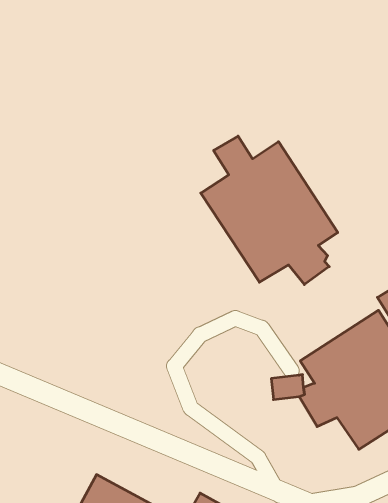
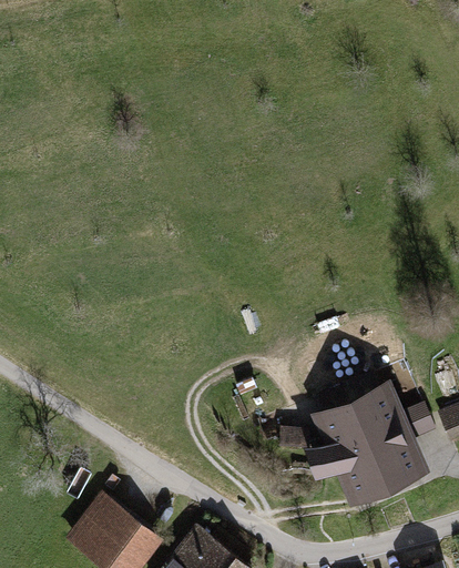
building: [201,136,338,285] -> none

